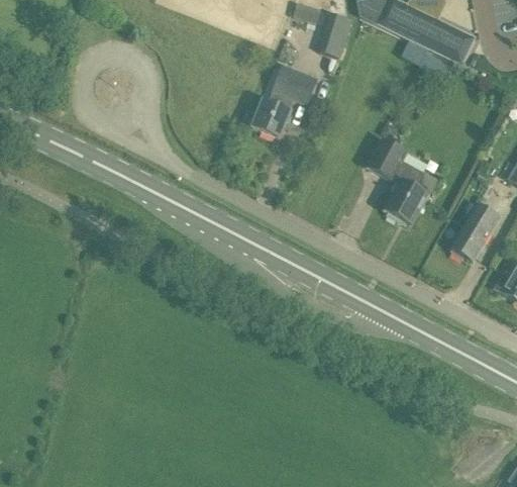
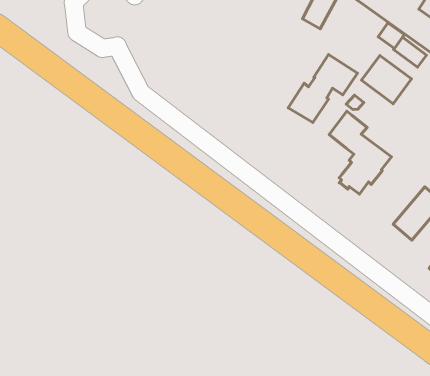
building: [251,65,317,138] -> [288,54,357,123]
building: none -> [361,55,412,104]

